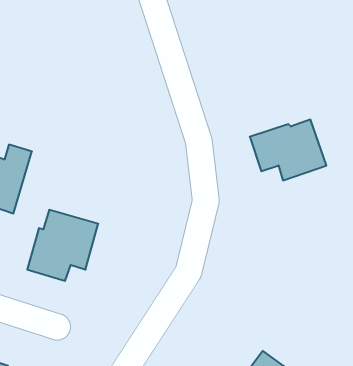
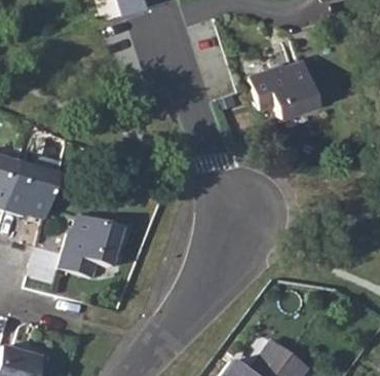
building: [250,120,326,180] -> [250,60,318,114]

